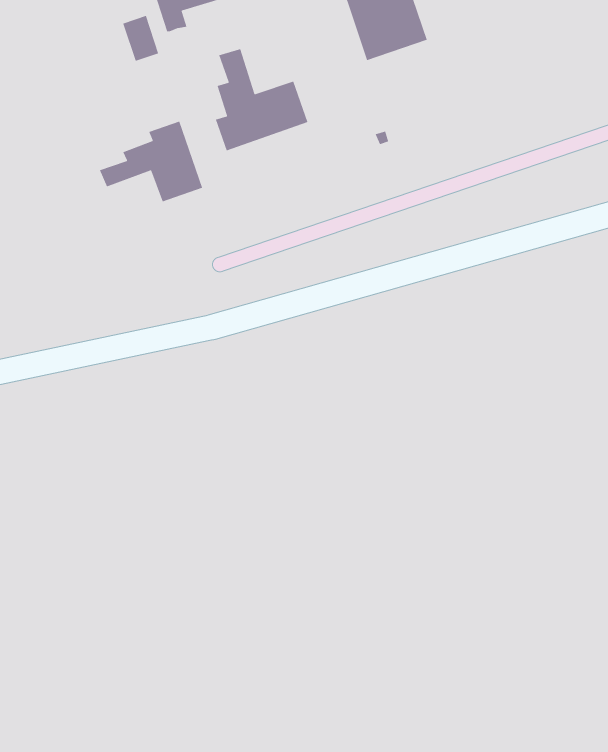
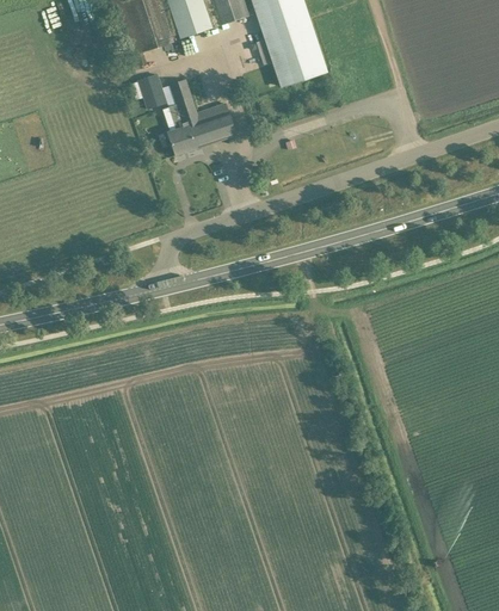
building: [122,15,159,62] -> [140,73,167,107]
building: [99,120,203,203] -> none

